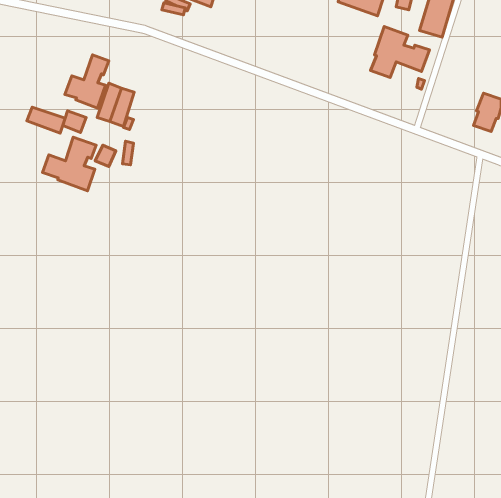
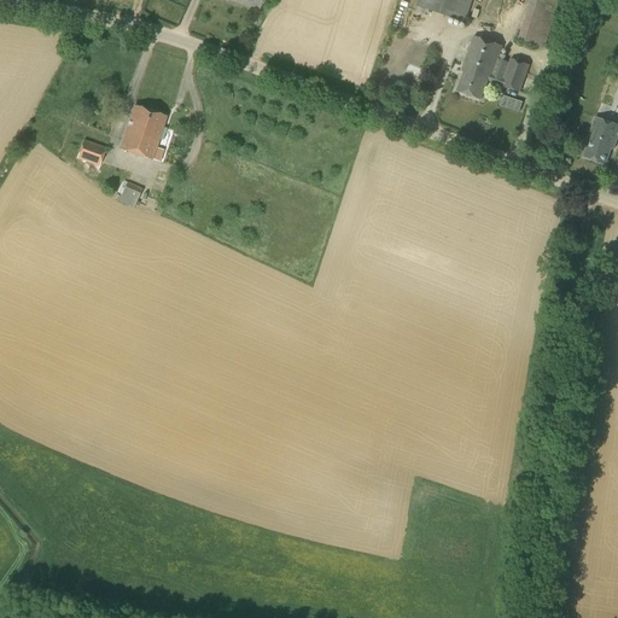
building: [65,55,109,108] -> none
building: [27,107,65,133] -> none
building: [42,137,96,191] -> none

